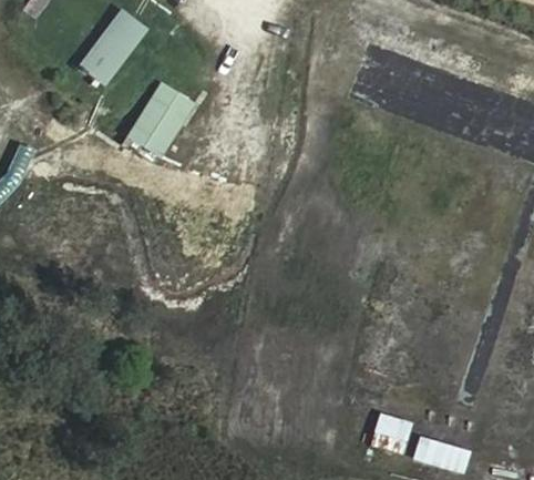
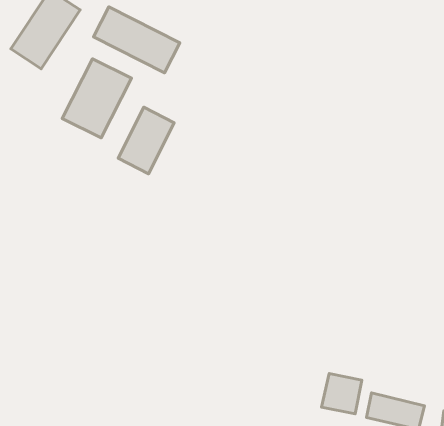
building: none -> [93,7,180,73]
building: none -> [118,107,174,174]

